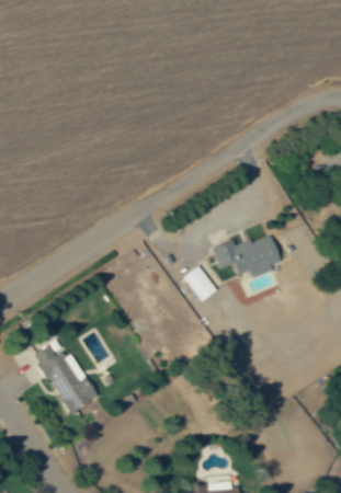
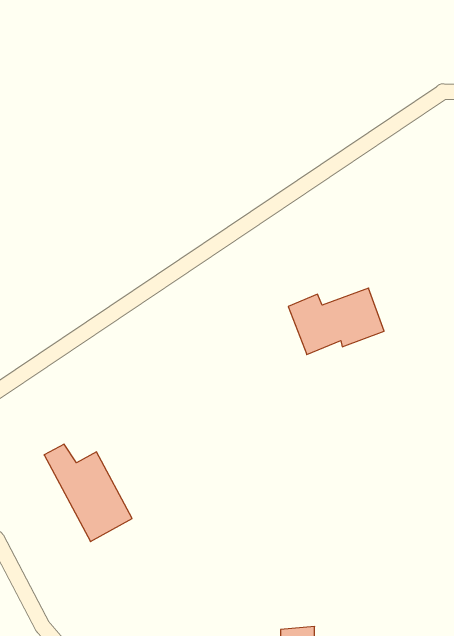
building: [183,265,214,301] -> none

